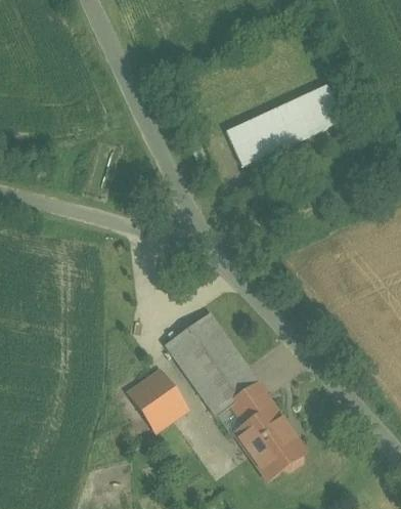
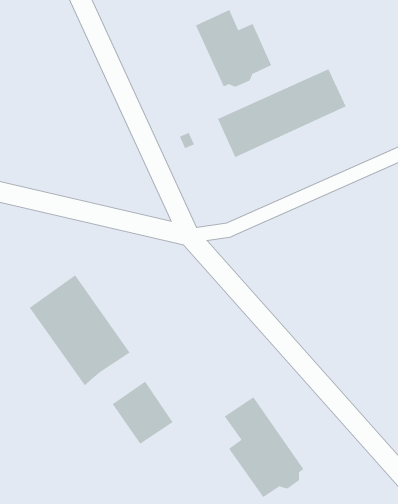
building: none -> [195,9,272,87]
building: [166,313,259,416] -> [29,275,130,386]

